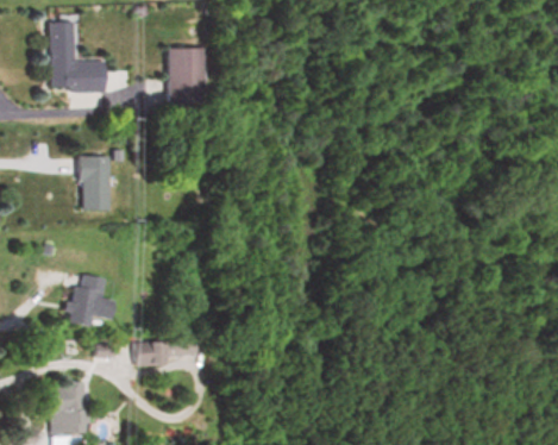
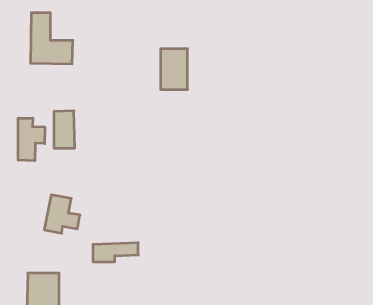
building: [167,50,203,106] -> [161,49,188,89]
building: none -> [18,118,45,161]

